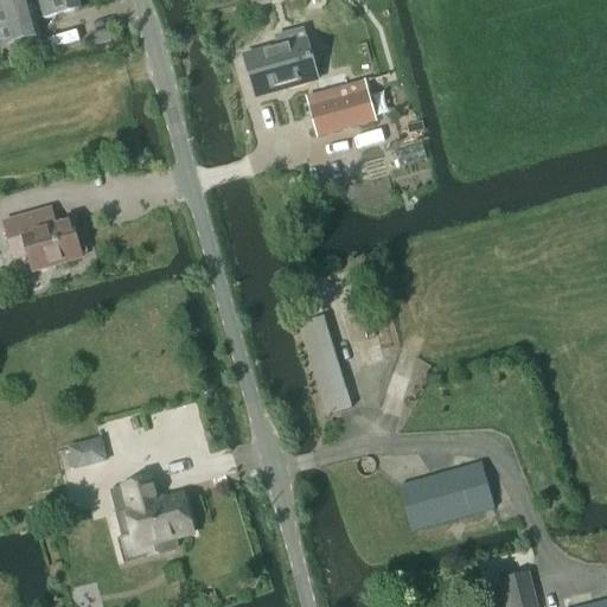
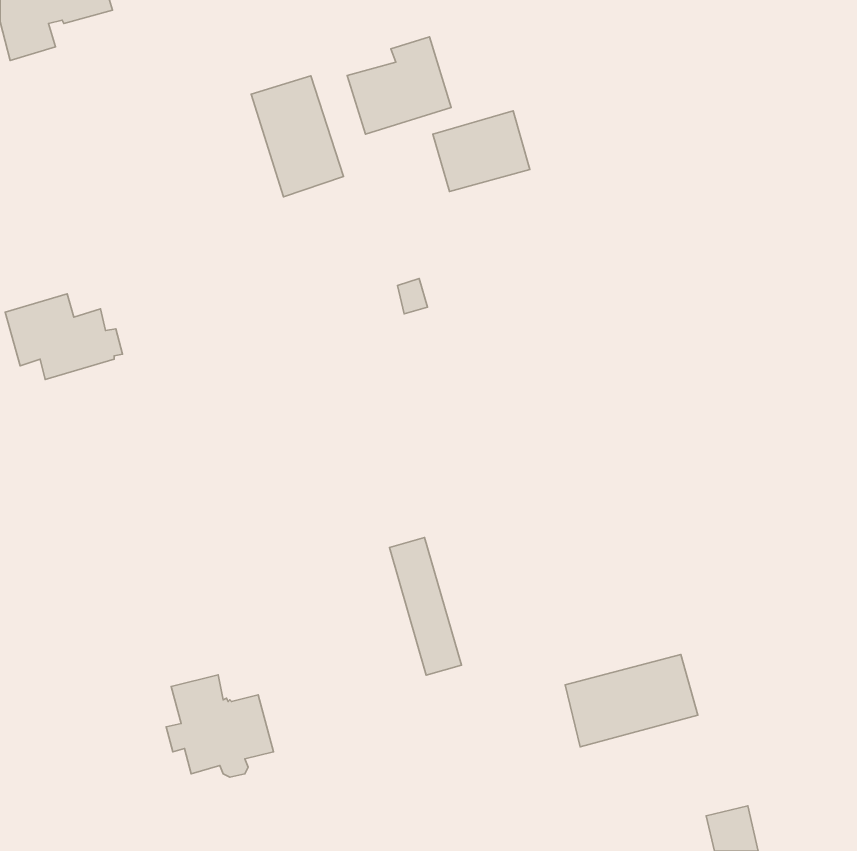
building: none -> [251,76,344,197]
building: [299,314,350,411] -> [389,537,462,675]
building: [66,436,106,467] -> none

